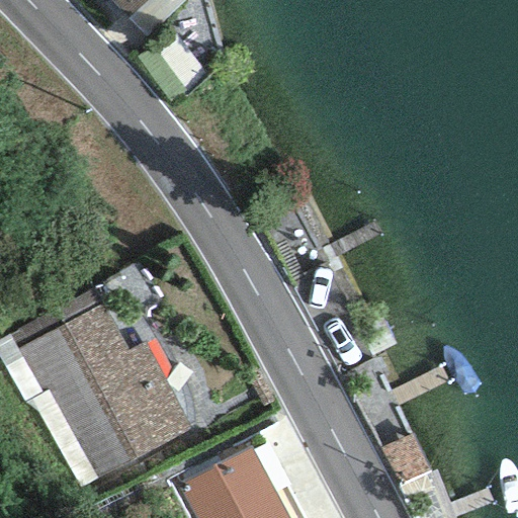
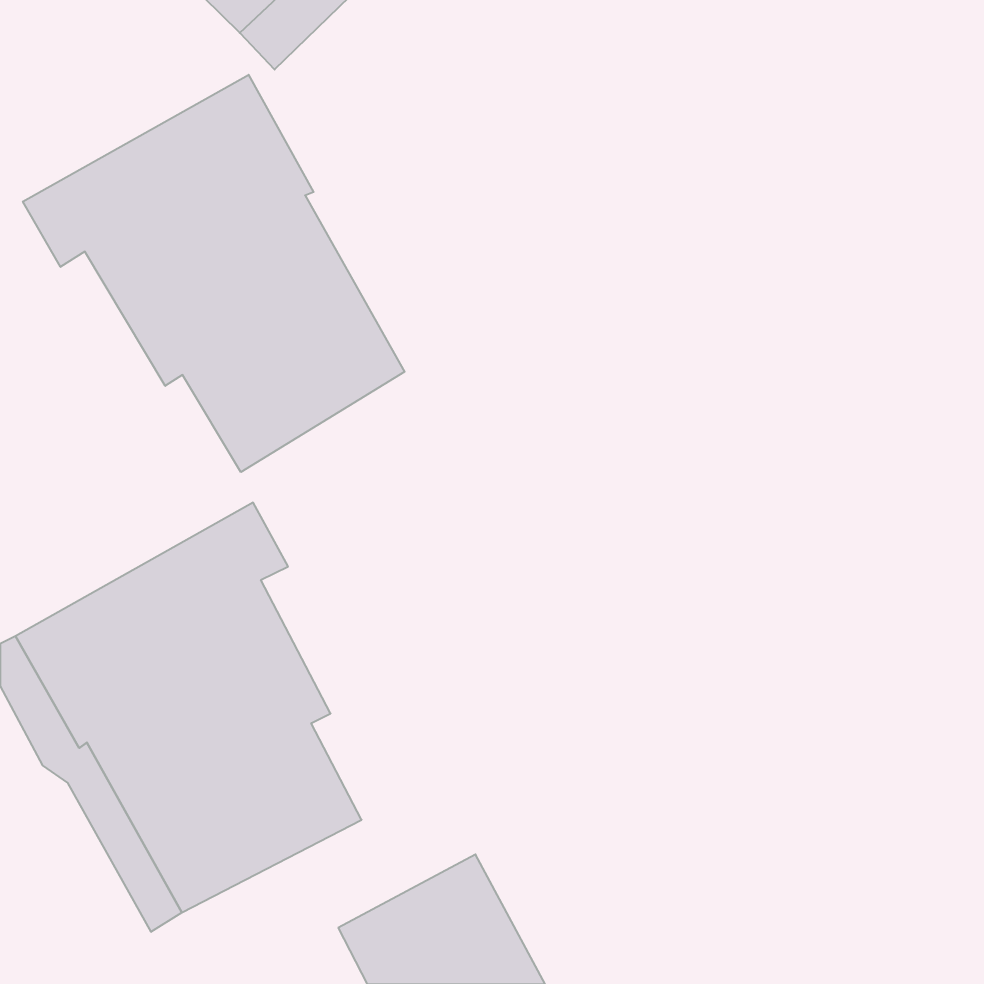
building: none -> [23,75,405,472]

